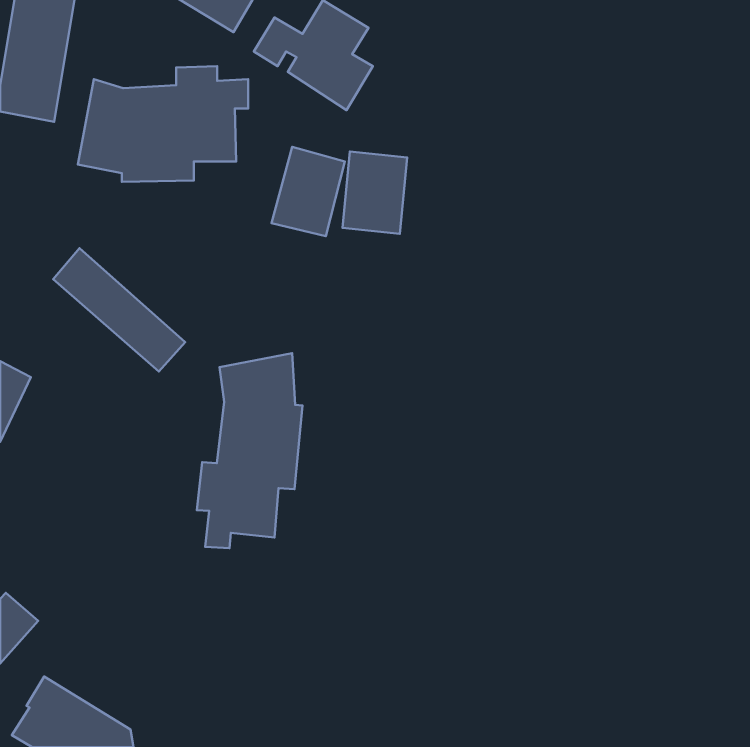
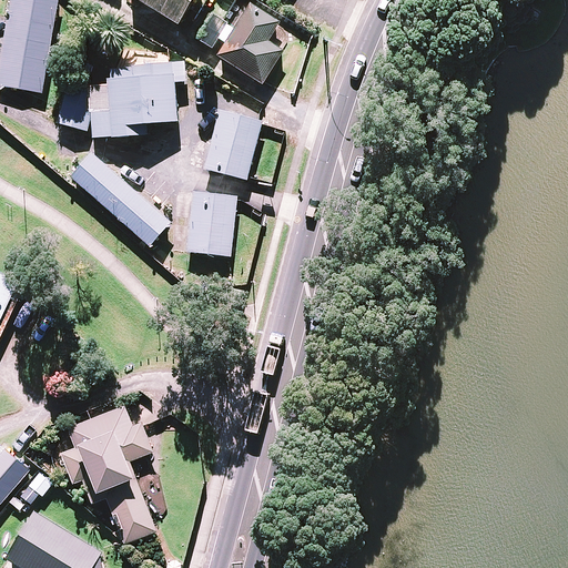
building: [343,152,407,234] -> [187,193,236,255]
building: [53,248,185,372] -> [69,152,169,245]
building: [197,353,303,548] -> none
building: none -> [62,405,156,542]

